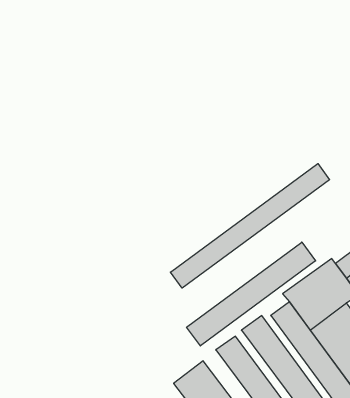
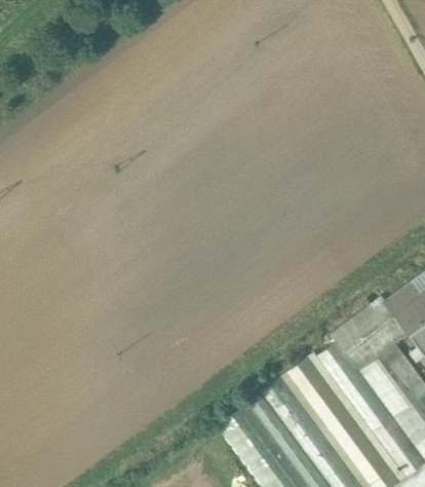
building: [170,164,330,288] -> none
building: [187,242,316,346] -> none

